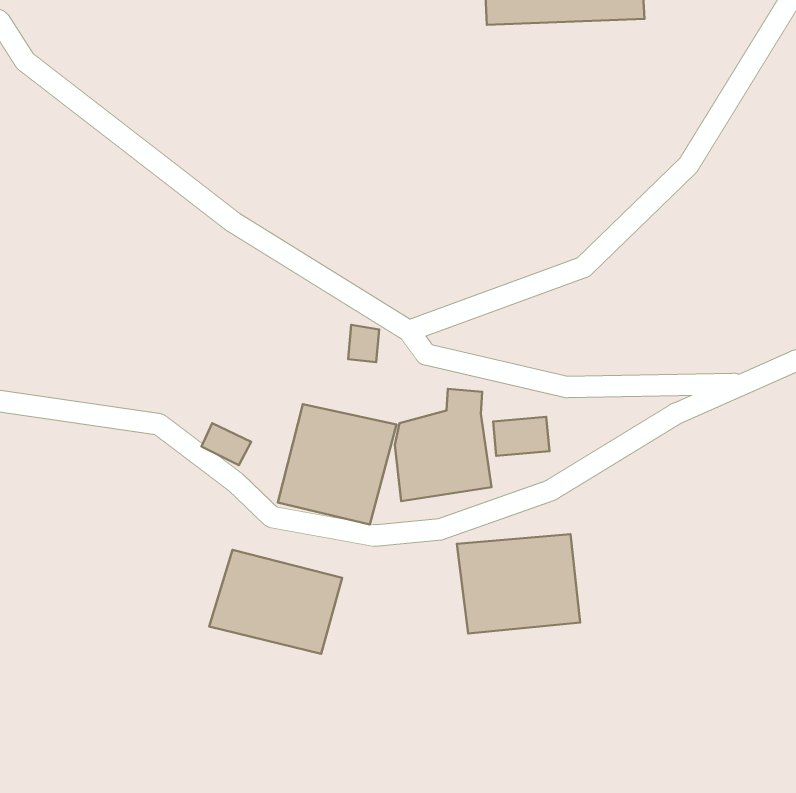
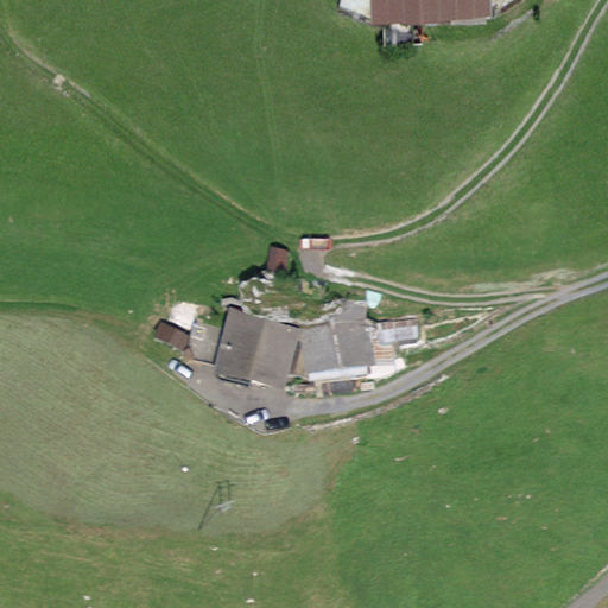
building: [457,534,580,634] -> none
building: [209,550,342,654] -> none

